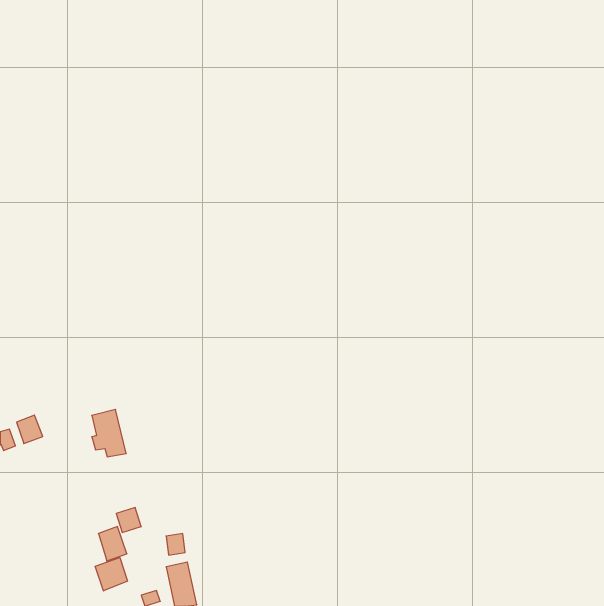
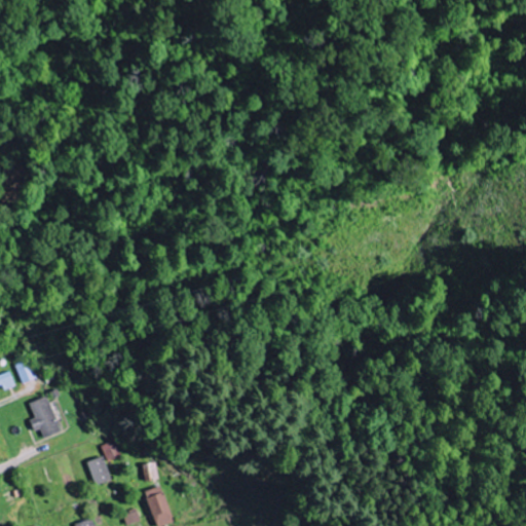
building: [92,409,126,457] -> [29,397,59,438]
building: [95,558,128,591] -> none

